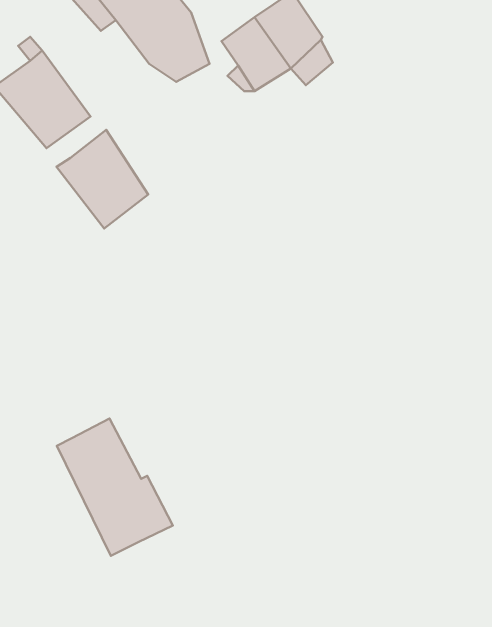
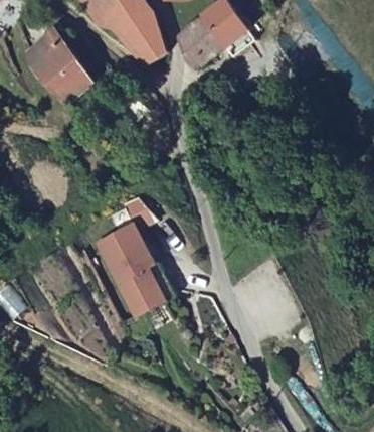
building: [57,130,148,228] -> none
building: [57,419,173,556] -> [95,217,172,308]

